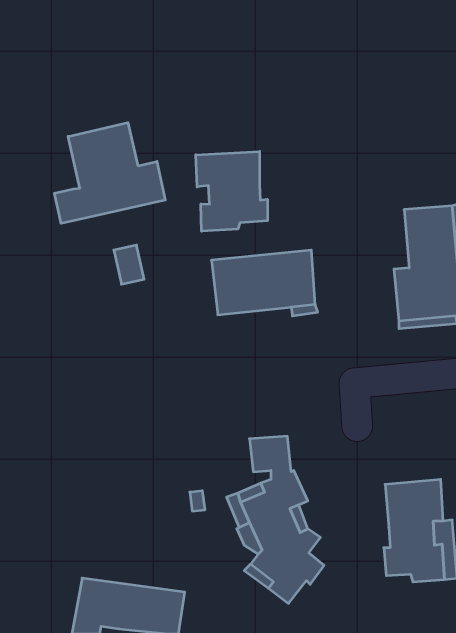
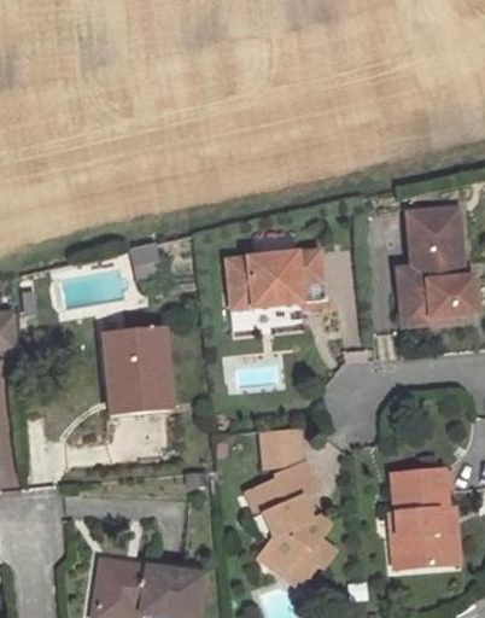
building: [54,123,165,223] -> none
building: [196,151,267,231] -> none
building: none -> [101,330,169,413]

